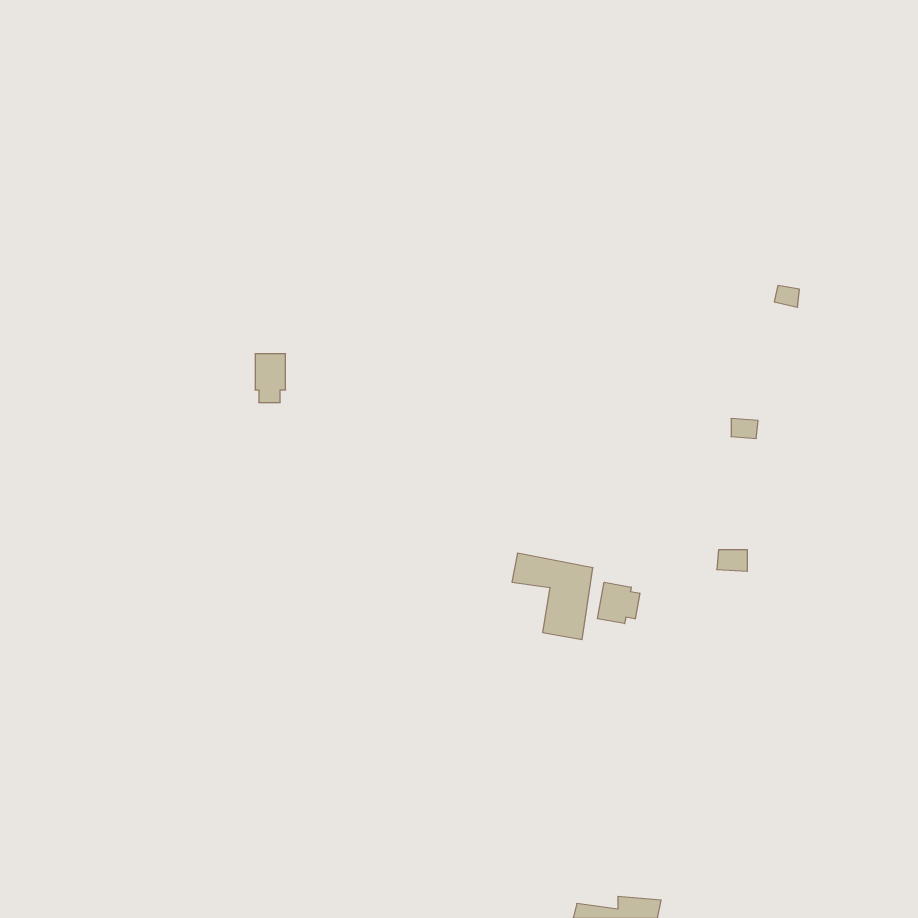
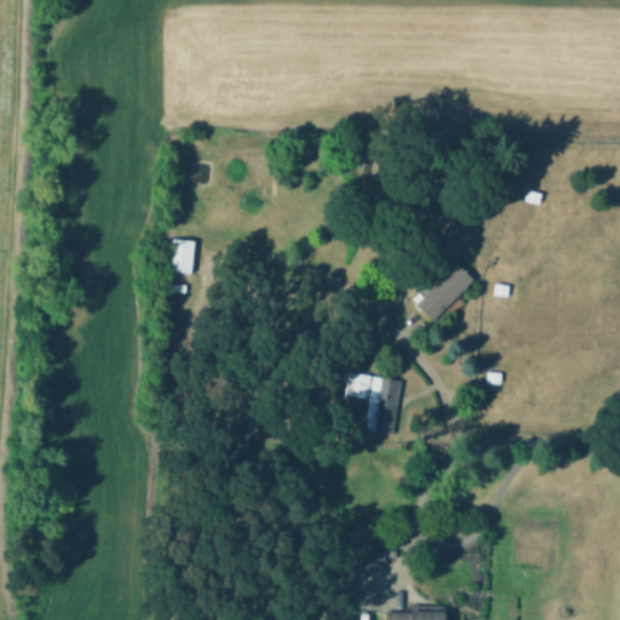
building: none -> [417,263,475,321]
building: [598,582,640,624] -> none

